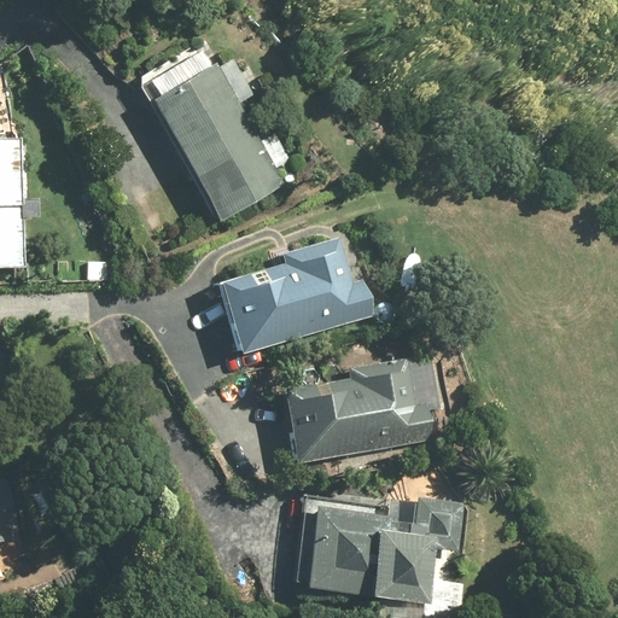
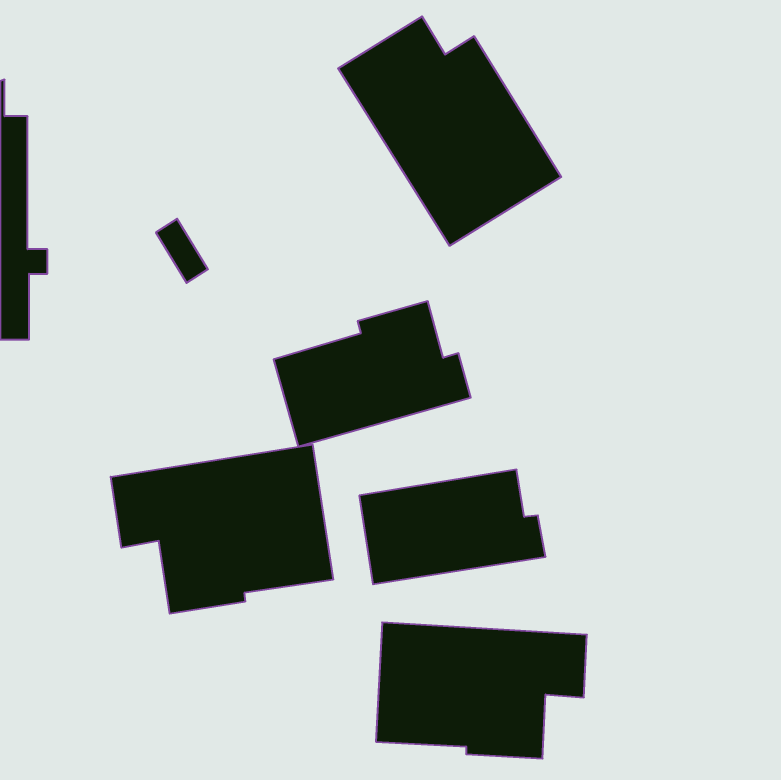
building: [134,43,310,225] -> [338,16,561,246]
building: none -> [111,445,333,614]

